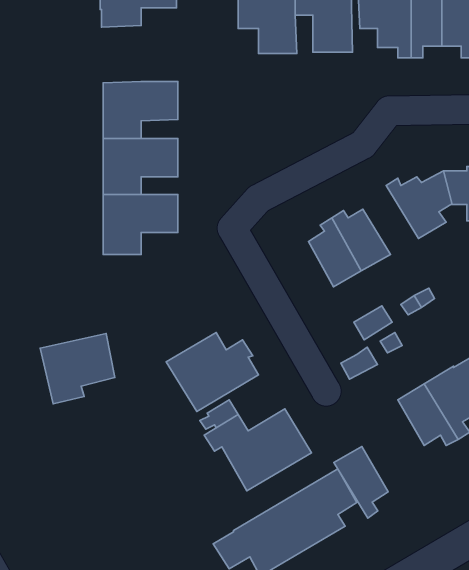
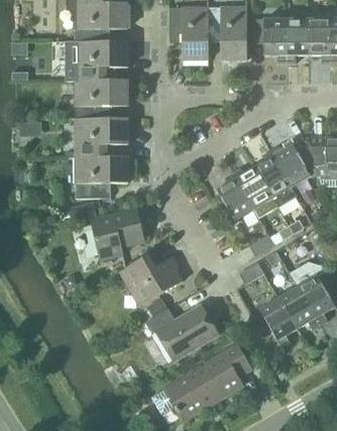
building: none -> [75,40,127,80]
building: none -> [254,150,293,198]
building: [40,333,115,404] -> [92,210,143,258]
building: [334,446,388,518] -> [259,298,297,347]

